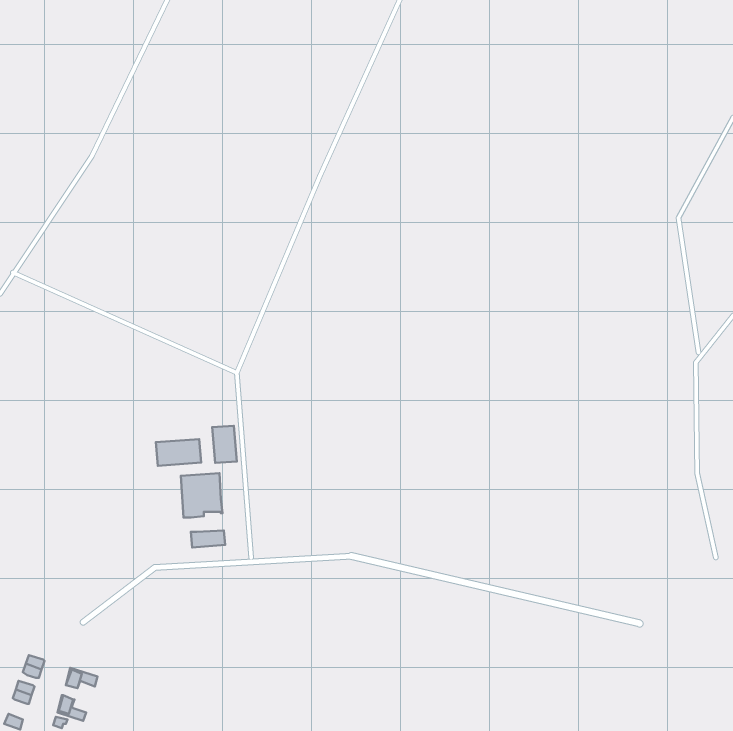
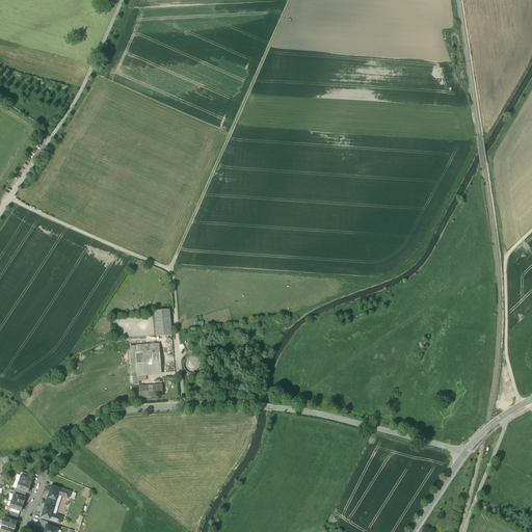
building: [156,439,201,466] -> none

